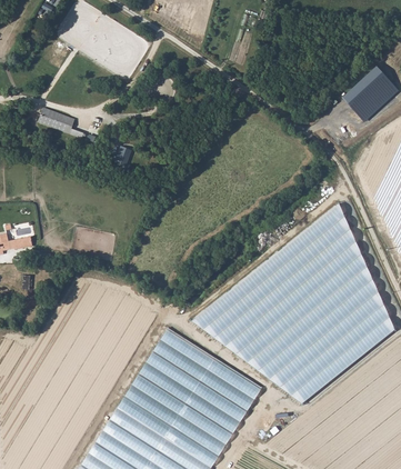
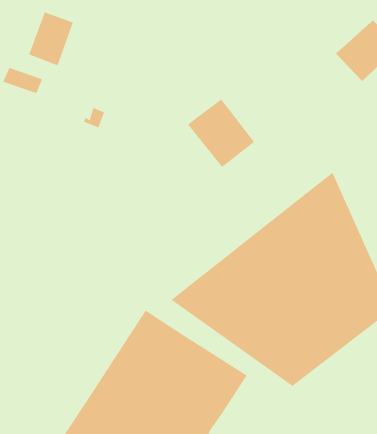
building: none -> [28,12,73,66]
building: none -> [187,99,255,168]

